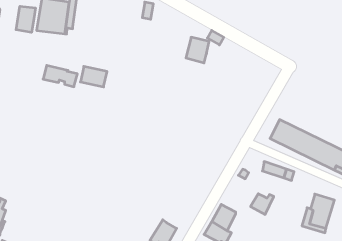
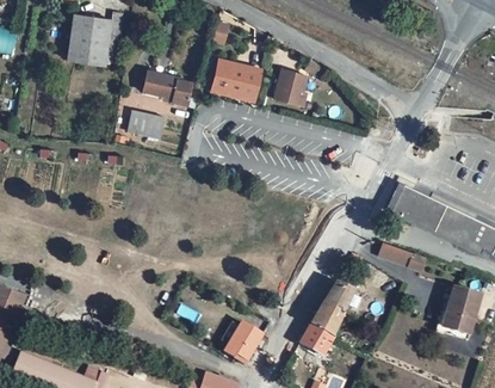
building: [16,6,35,32] -> none
building: none -> [211,58,261,99]
building: [43,65,77,87] -> [143,70,191,100]
building: [251,194,274,214] -> [323,283,355,312]

